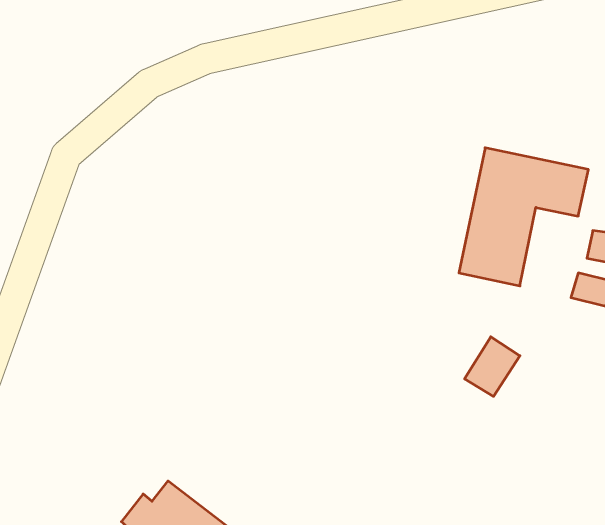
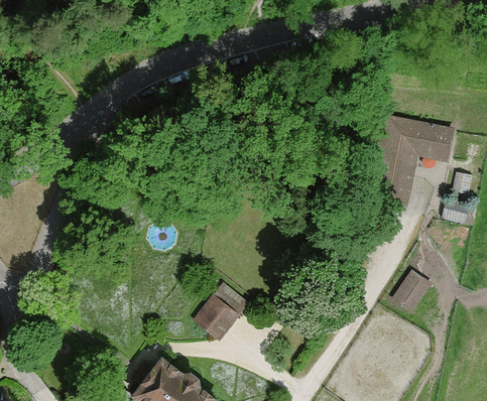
building: [465,337,520,396] -> [393,269,432,310]
building: none -> [194,281,249,339]

